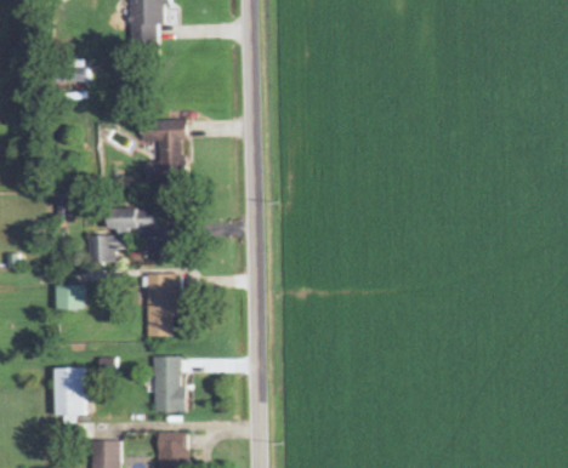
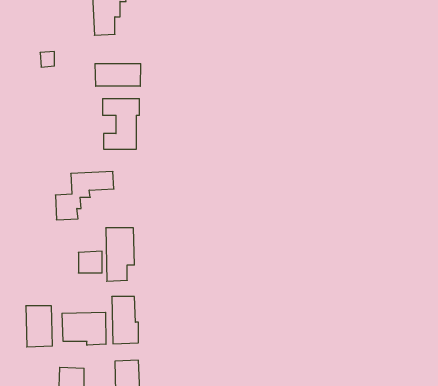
building: none -> [95,64,141,86]
building: [55,285,83,310] -> [78,251,102,273]
building: none -> [62,312,106,345]

